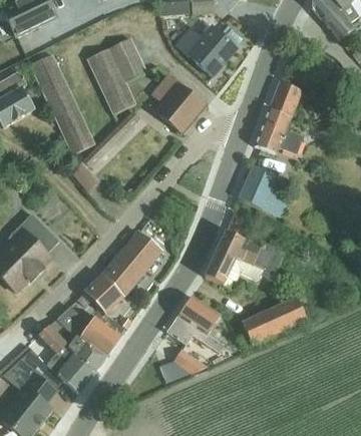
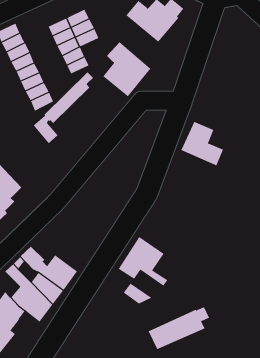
building: [254,81,302,153] -> none
building: [204,231,283,287] -> none
building: [84,232,159,313] -> none
building: [241,294,311,343] -> [148,306,210,350]

